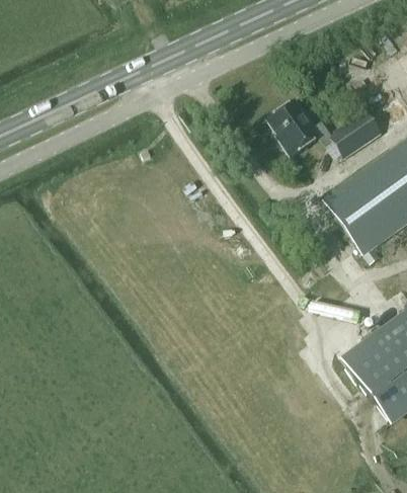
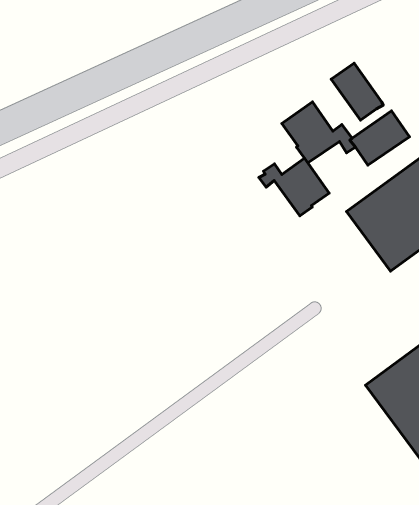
building: none -> [331,63,383,120]
building: none -> [259,158,329,216]

